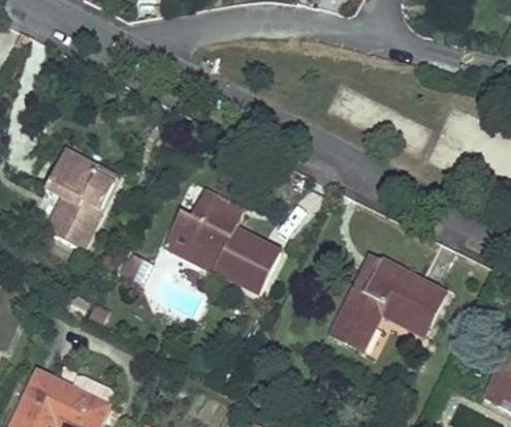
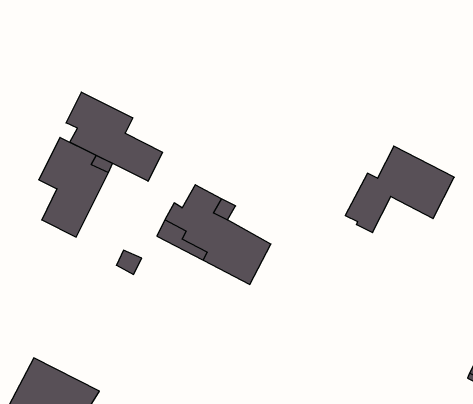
building: none -> [66,92,163,181]
building: [331,258,443,347] -> [345,146,454,233]

